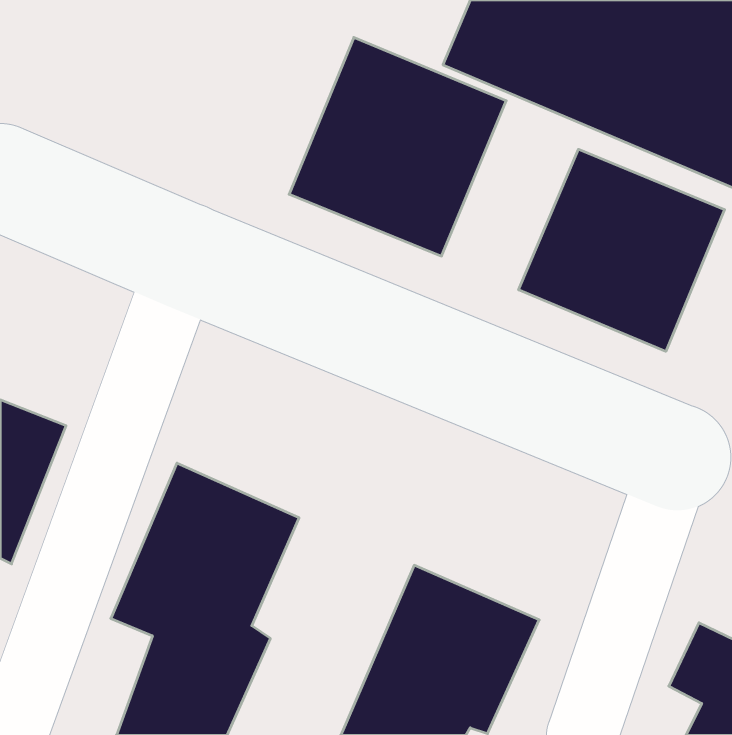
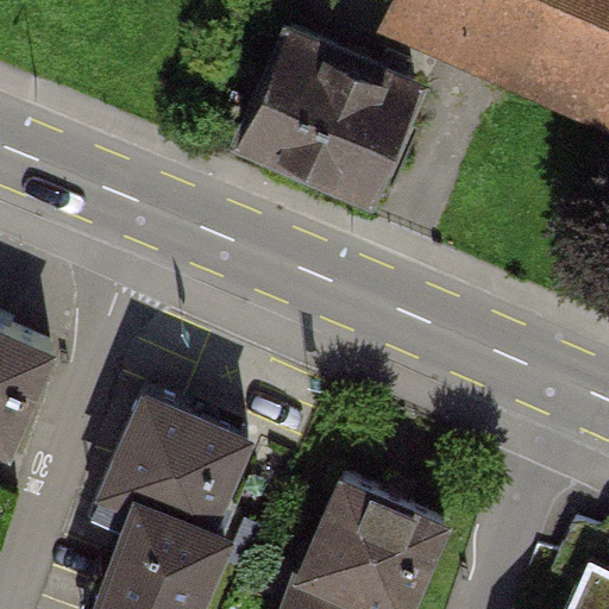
building: [519,149,725,351] -> none

